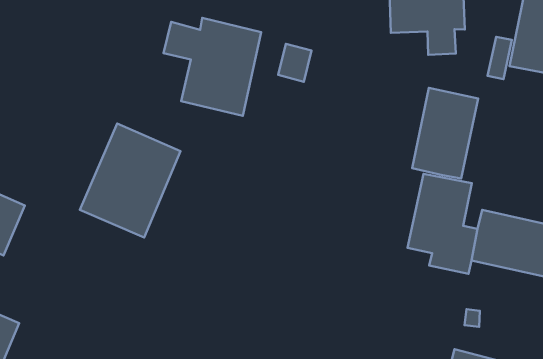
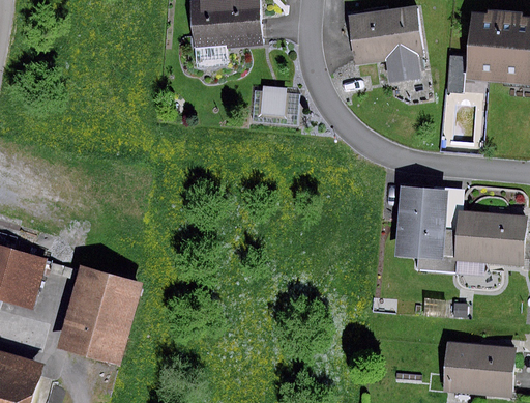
building: [164,18,261,116] -> none
building: [412,88,478,179] -> none
building: [80,124,180,237] -> [57,265,141,365]

